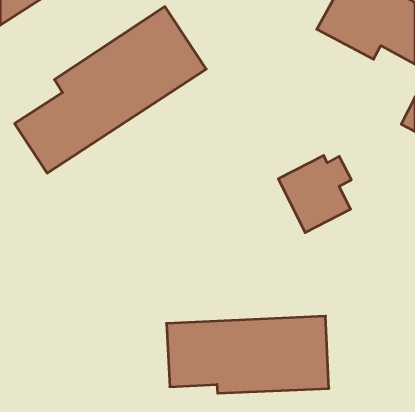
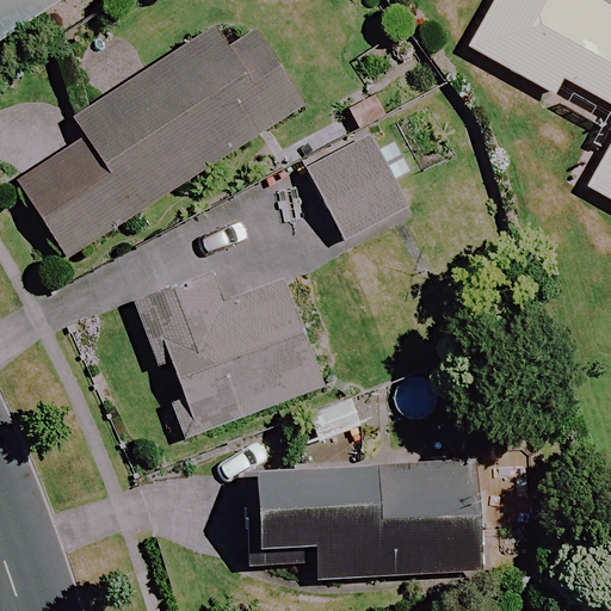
building: [278,155,351,233] -> [306,131,413,245]
building: none -> [137,272,327,436]

